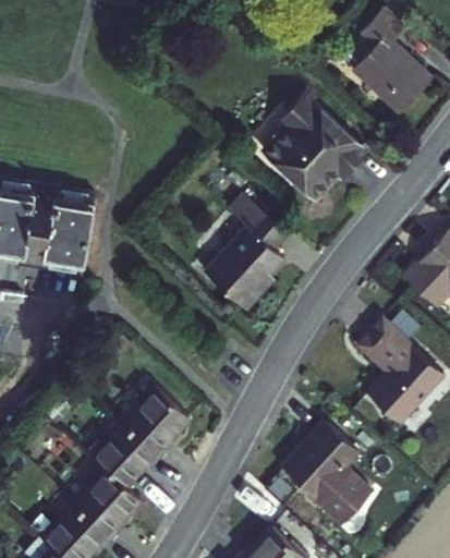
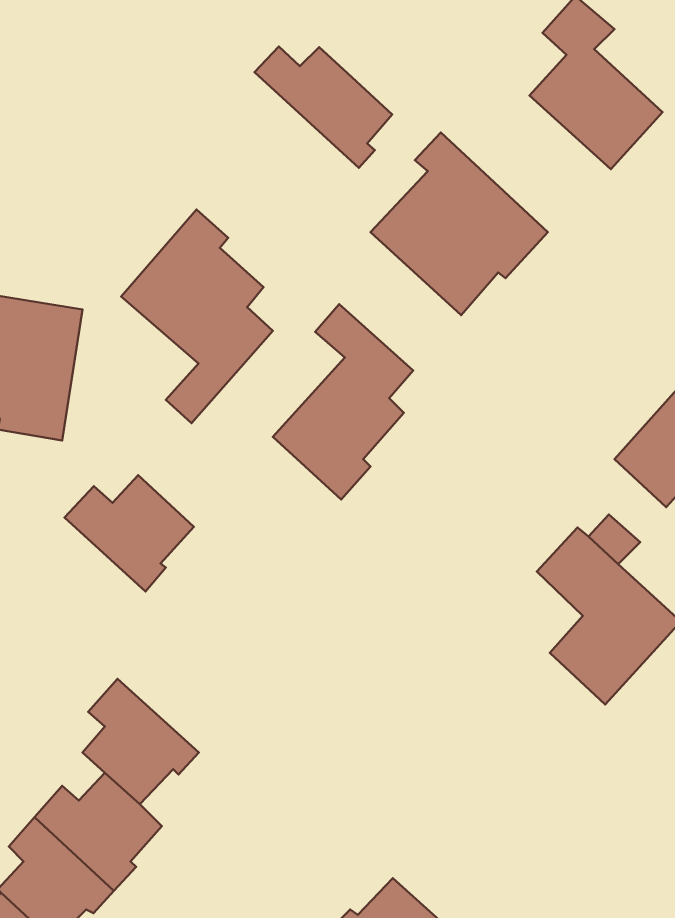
building: none -> [255,47,392,168]
building: none -> [121,210,273,423]
building: [112,387,188,456] -> [64,475,194,591]
building: [278,427,366,529] -> none

